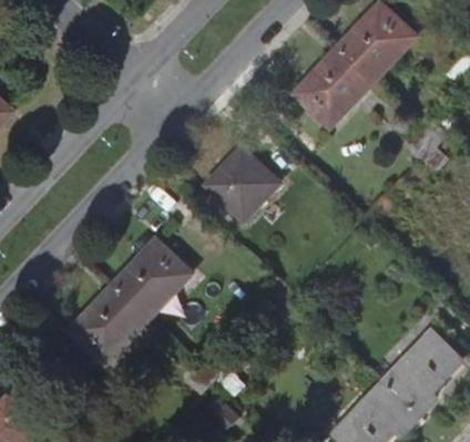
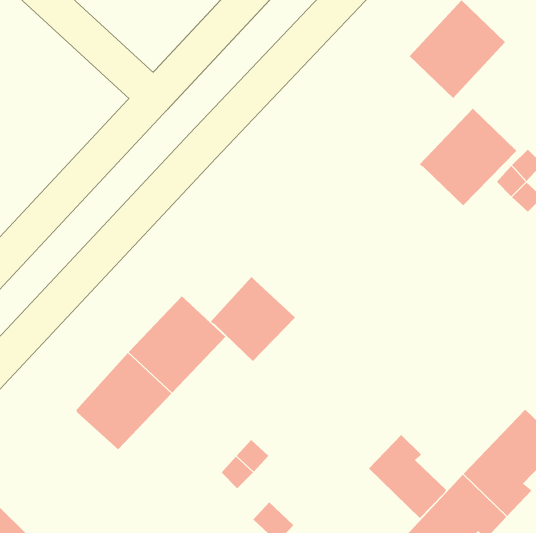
building: [295,47,374,125] -> [419,108,517,206]
building: [208,147,277,216] -> [210,276,296,362]
building: none -> [368,434,447,519]

